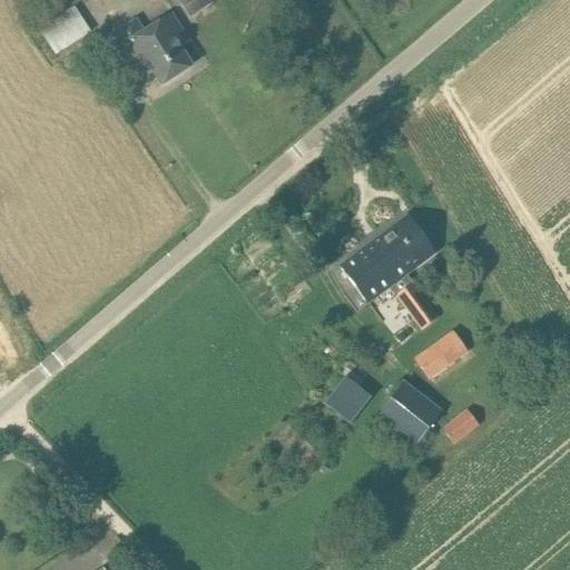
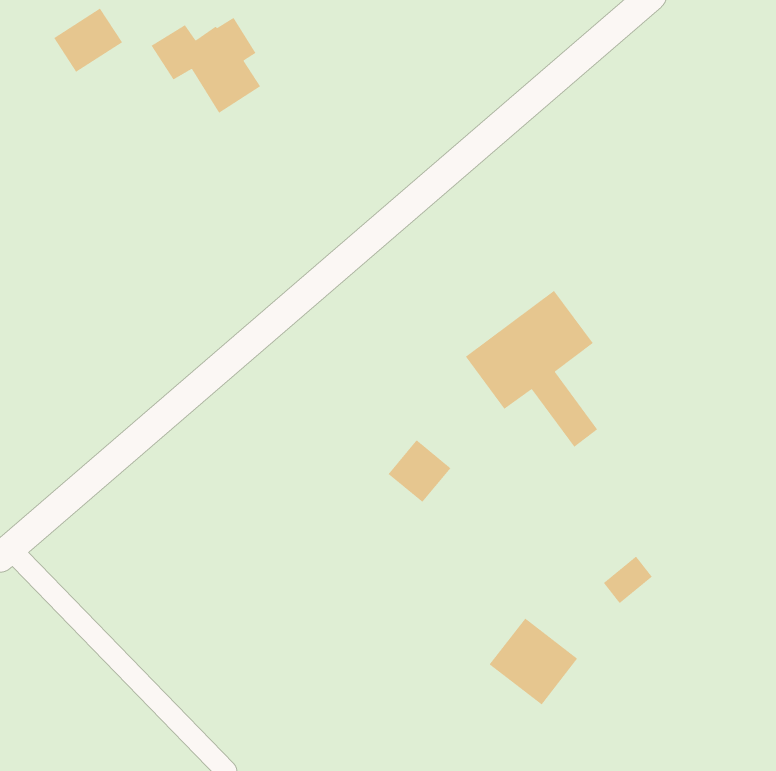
building: [414,330,468,377] -> none
building: [324,374,371,421] -> [388,439,451,503]
building: [376,380,442,444] -> [489,617,578,705]

